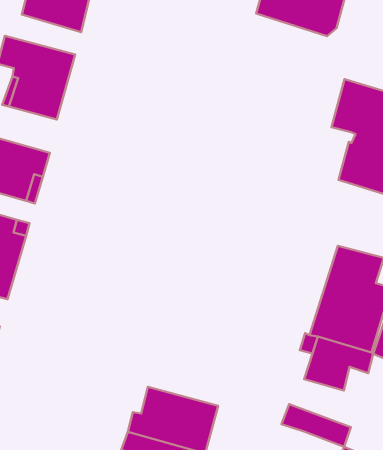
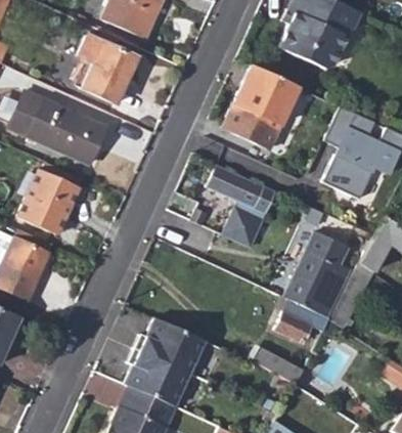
building: none -> [223,66,299,148]
building: none -> [206,164,277,247]

